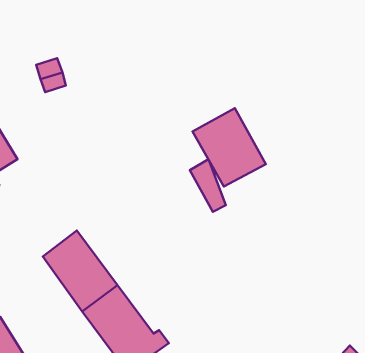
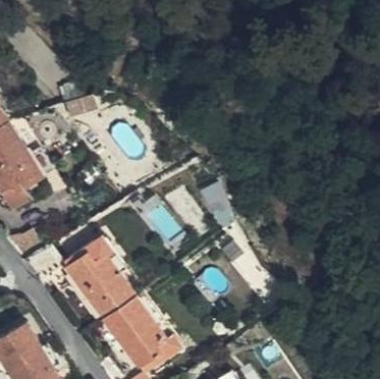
building: [193,108,266,186] -> none

